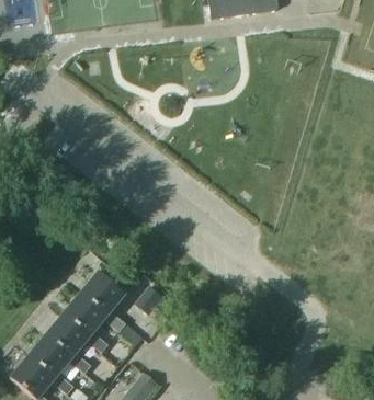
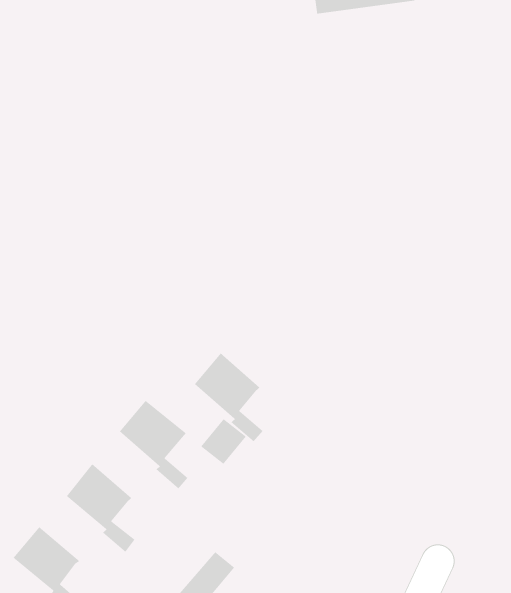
building: [63,293,109,352] -> [194,353,264,442]
building: [27,335,73,393] -> none

